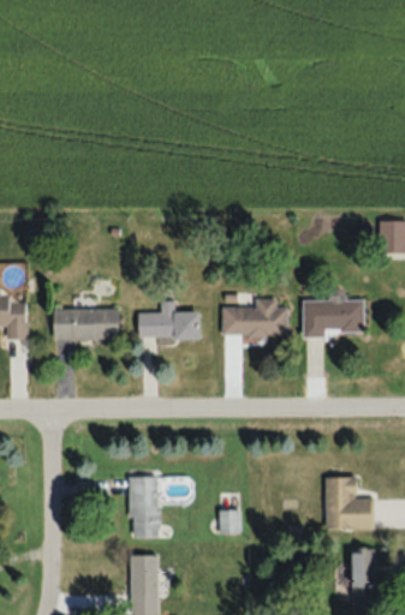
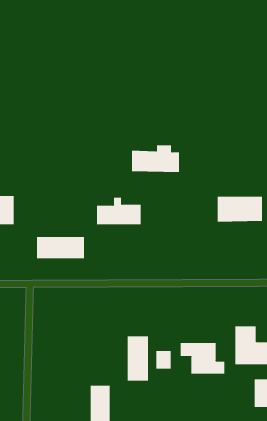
building: [221,299,287,336] -> [131,145,180,172]
building: [53,309,119,339] -> [36,237,85,259]
building: [129,476,159,537] -> [127,336,149,381]
building: none -> [180,342,225,374]

